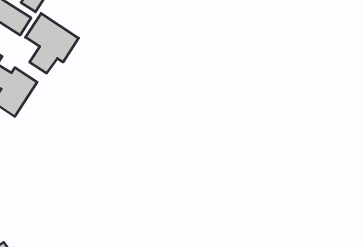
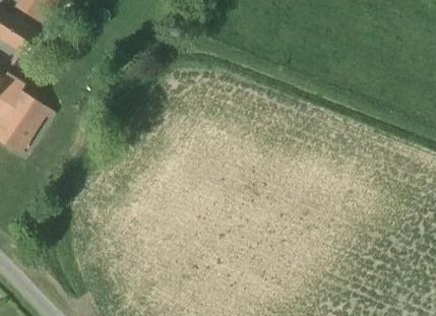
building: [25,13,79,73] -> none

